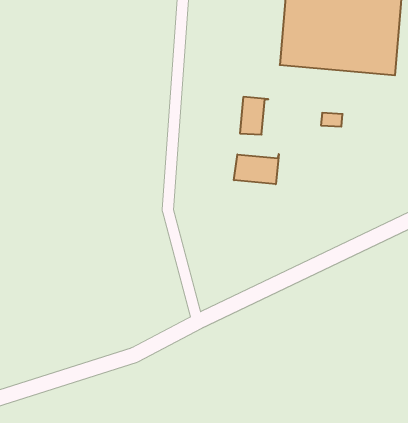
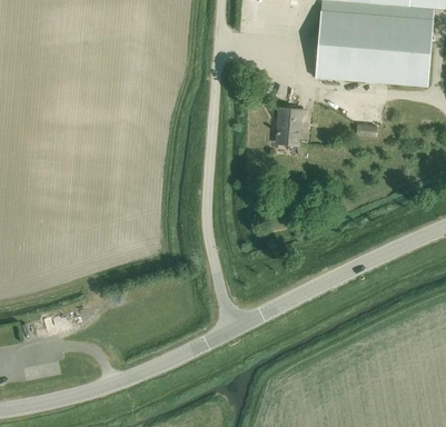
building: [234,154,279,184] -> none

